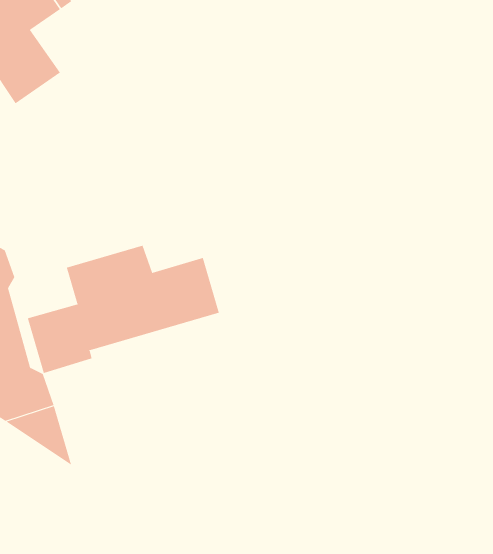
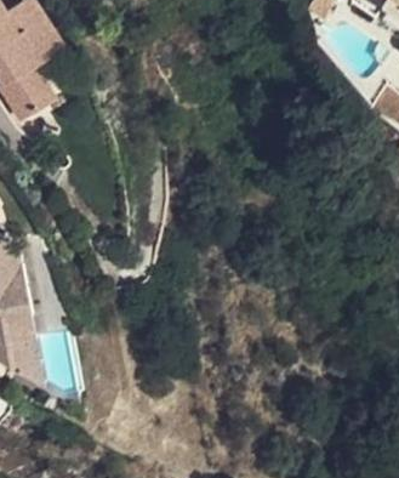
building: [27,245,220,374] -> none

